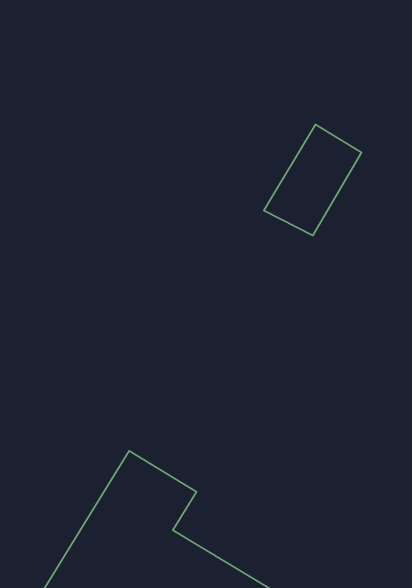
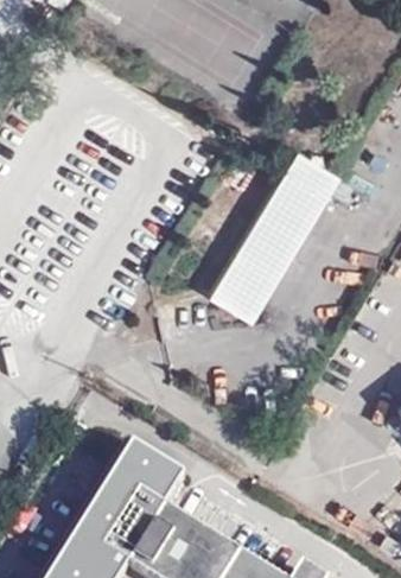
building: none -> [208,227,294,322]

